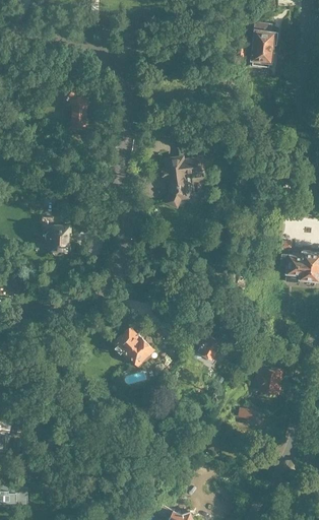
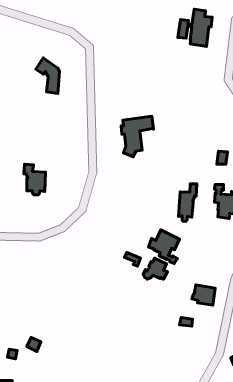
building: none -> [178,184,197,222]
building: none -> [148,230,179,264]
building: [115,327,155,367] -> none

